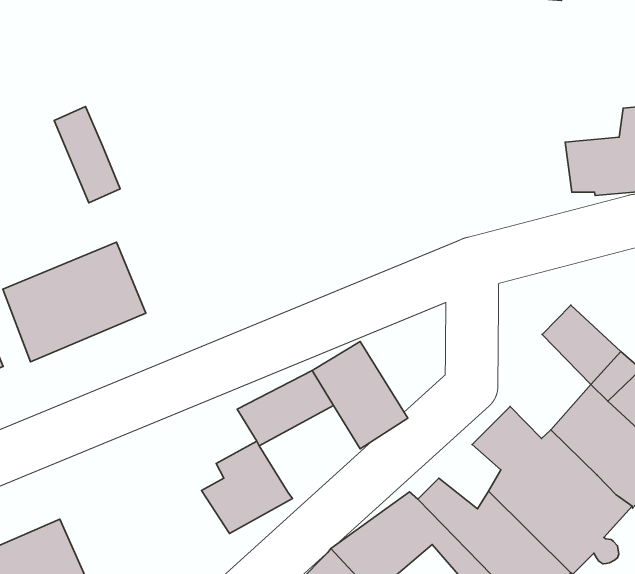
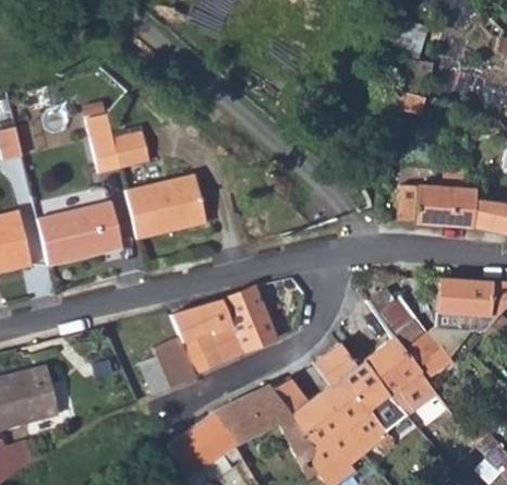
building: none -> [114,132,150,168]
building: none -> [126,174,207,240]
building: none -> [181,324,243,373]

